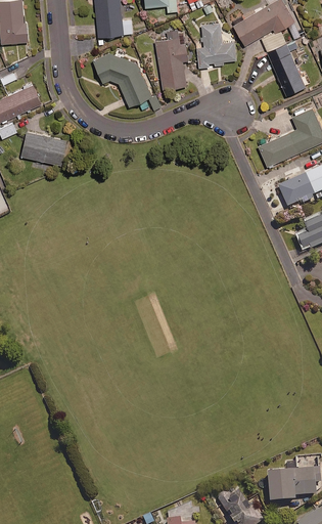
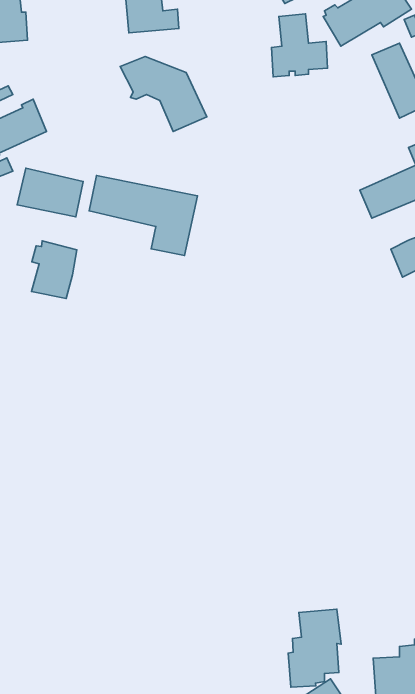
building: [155,28,188,87] -> none
building: none -> [89,175,198,256]
building: none -> [32,241,77,299]
building: none -> [288,609,341,687]

